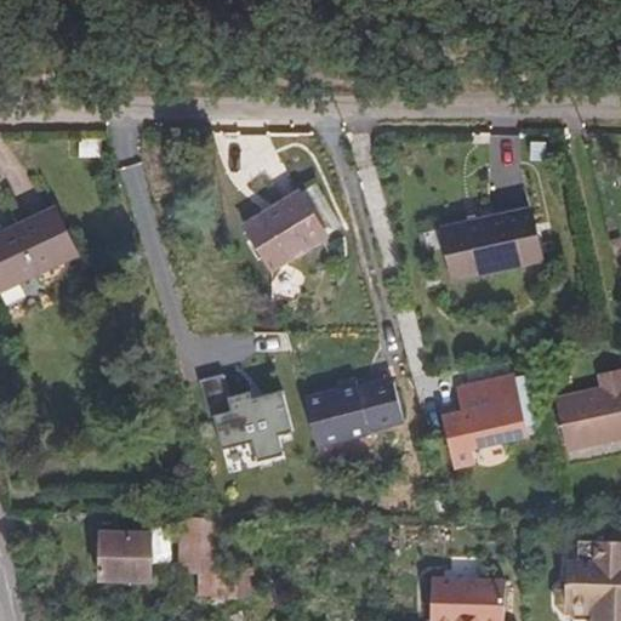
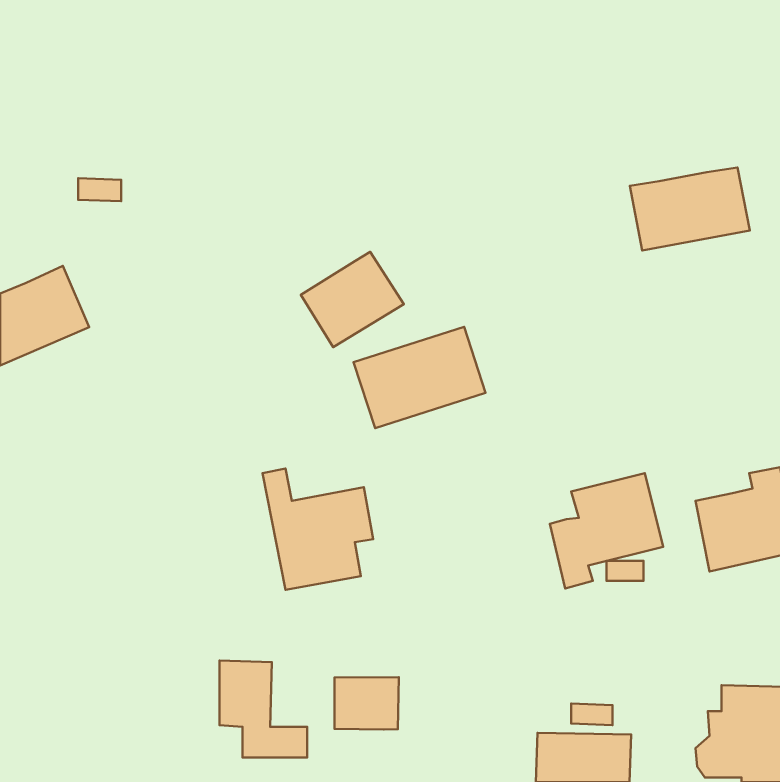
building: [440,212,535,278] -> [630,167,750,250]
building: [308,366,412,446] -> [354,327,486,428]
building: [95,534,149,583] -> none
building: none -> [334,677,399,729]

